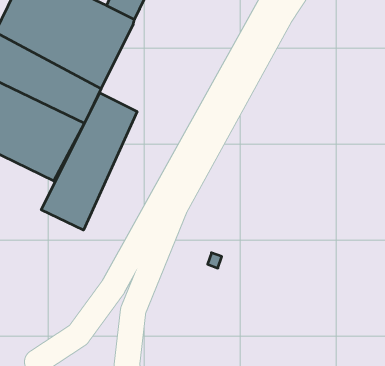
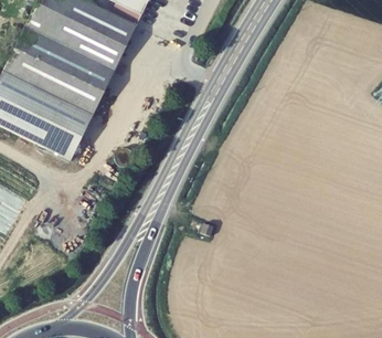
building: [41,93,137,230] -> none

